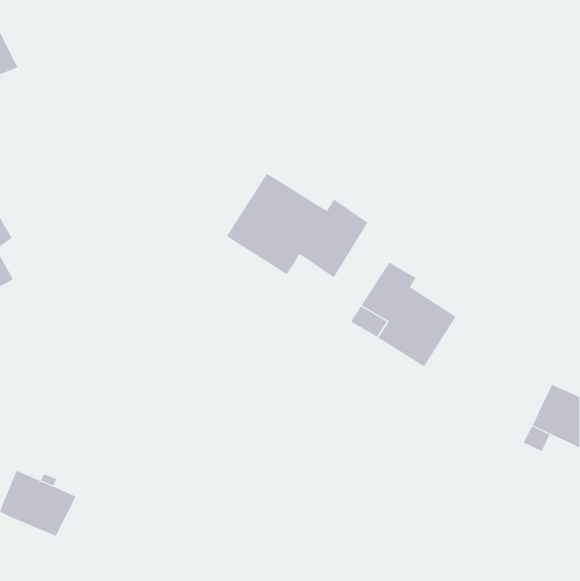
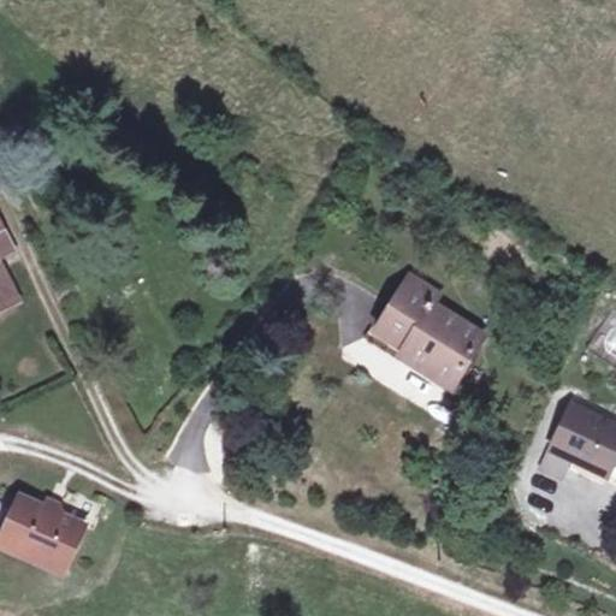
building: [226,173,368,278] -> none

